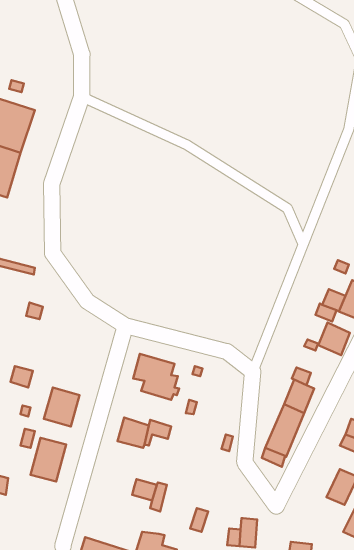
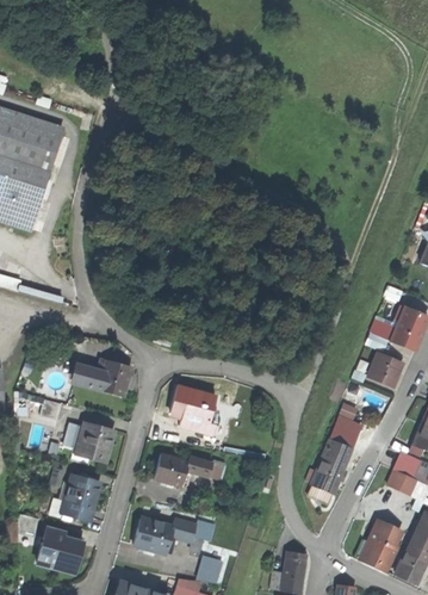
building: none -> [70,359,131,396]
building: none -> [132,517,172,553]
building: none -> [37,528,81,566]
building: none -> [366,538,398,571]
building: none -> [198,552,225,581]

